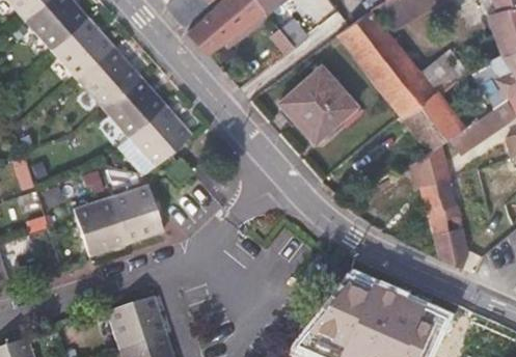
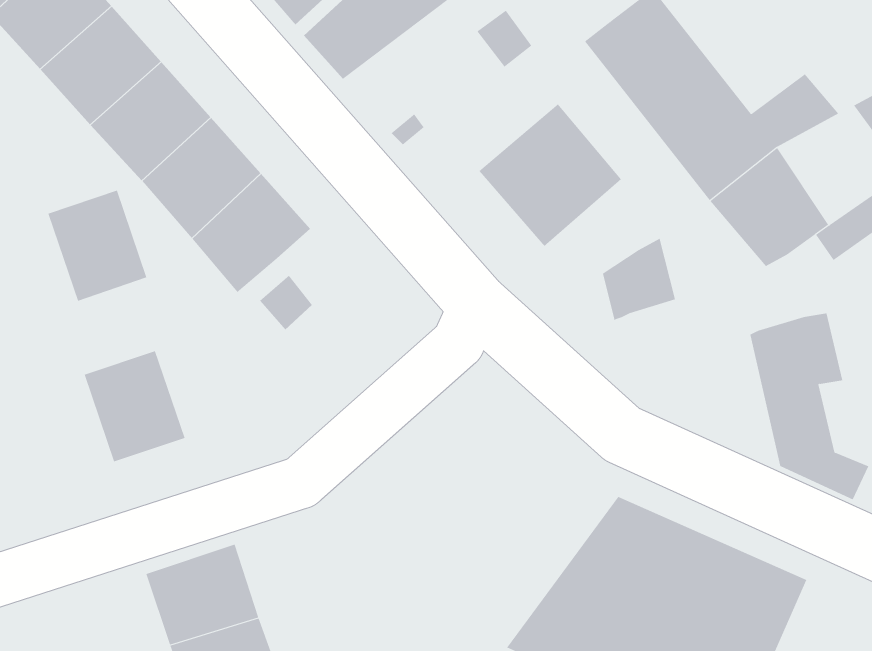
building: [411,146,450,190] -> [602,238,676,322]
building: [112,184,164,242] -> [48,190,147,301]

